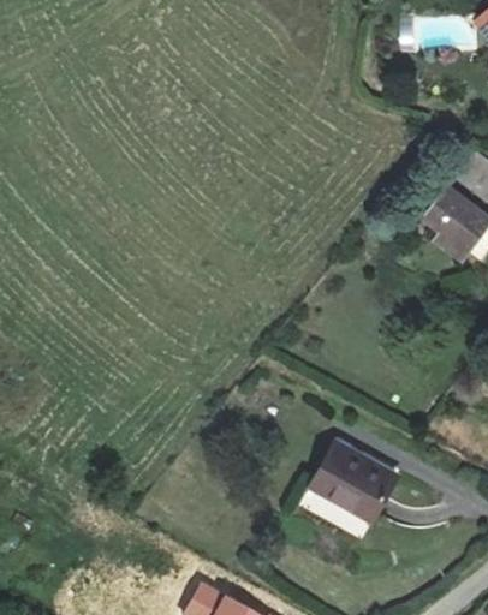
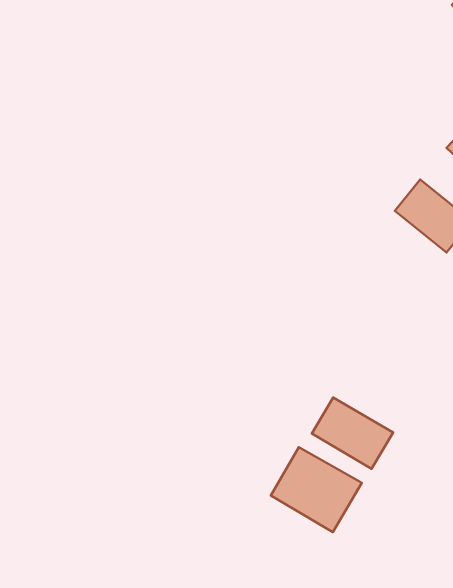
building: none -> [312,397,393,469]

